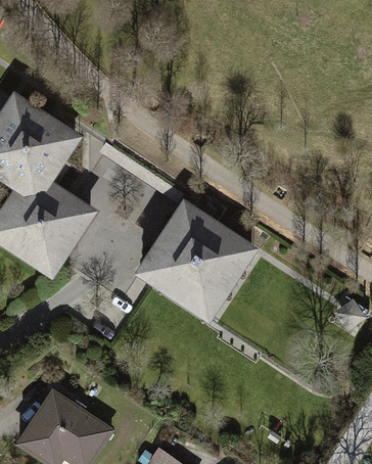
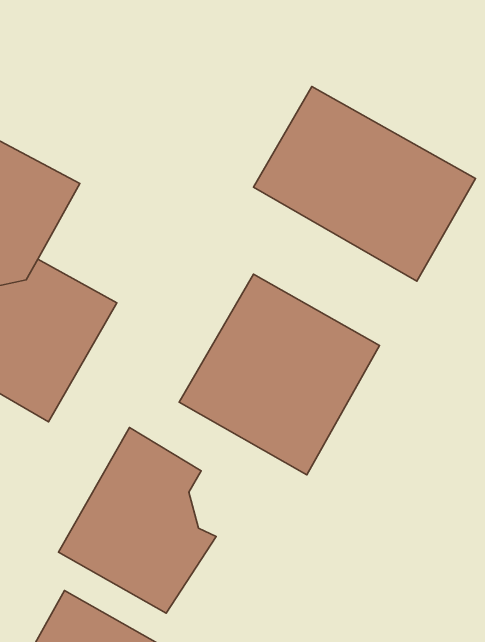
building: none -> [254,86,476,281]
building: none -> [58,428,216,613]

